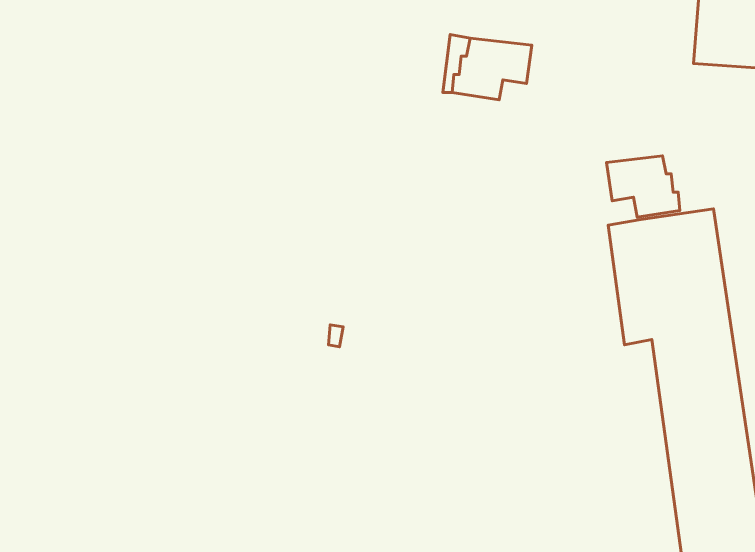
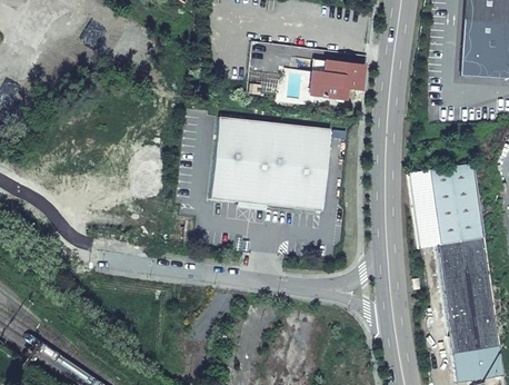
building: none -> [208,116,329,210]
building: [607,156,680,217] -> none

